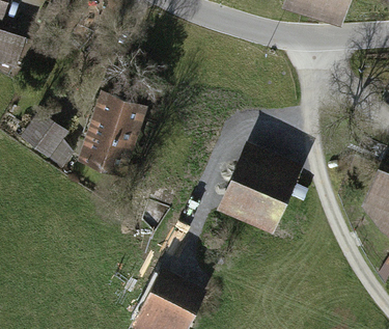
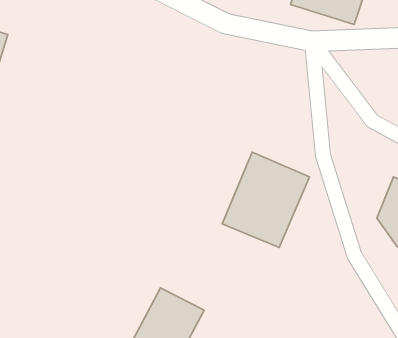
building: [78,85,148,172] -> none
building: [21,111,71,160] -> none

